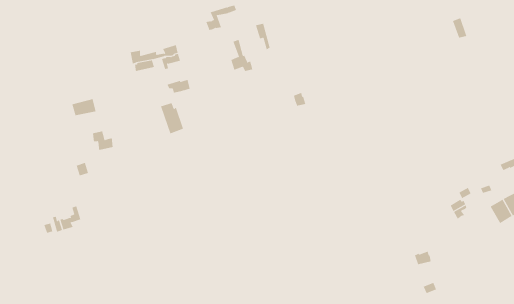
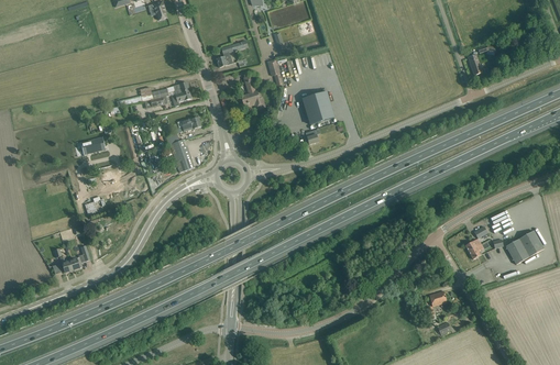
building: none -> [303,91,333,123]

